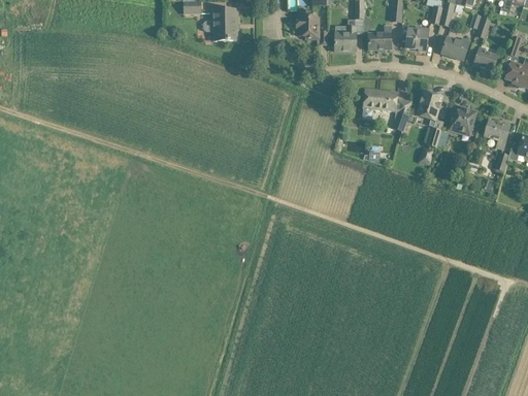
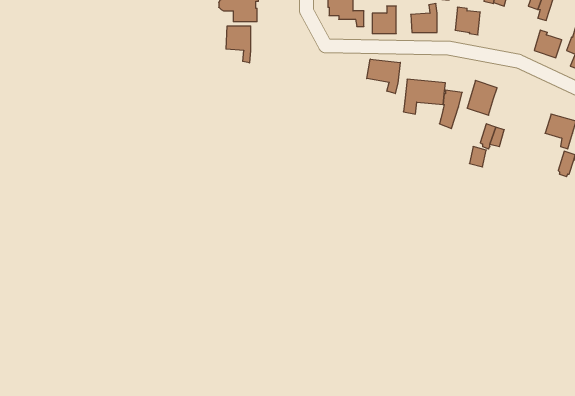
building: [441,36,470,60] -> none
building: none -> [226,26,251,63]
building: none -> [367,59,400,94]
building: [449,106,476,134] -> none

